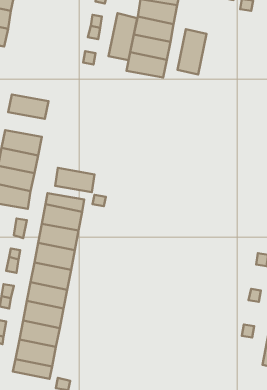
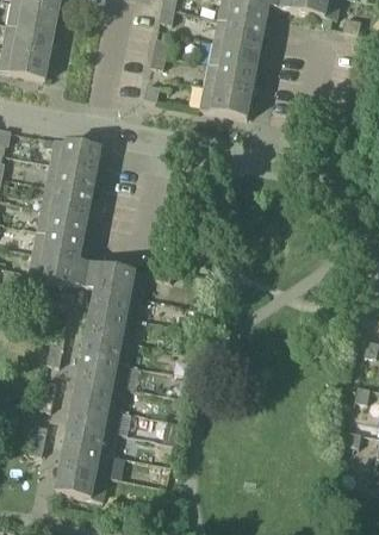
building: [109,13,137,60] -> none
building: [177,29,207,75] -> none
building: [55,168,95,192] -> [45,158,95,189]

